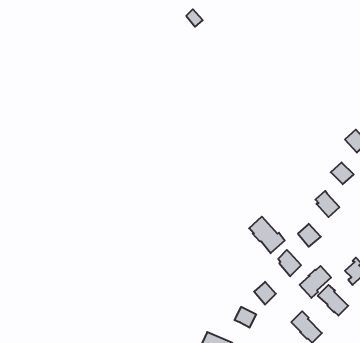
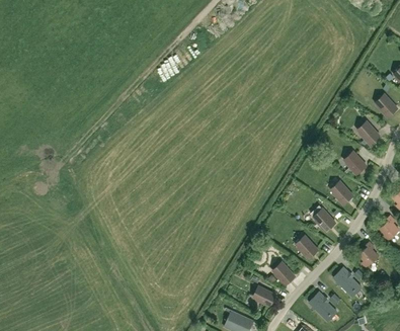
building: [249,217,285,253] -> none
building: [300,266,331,298] -> none

